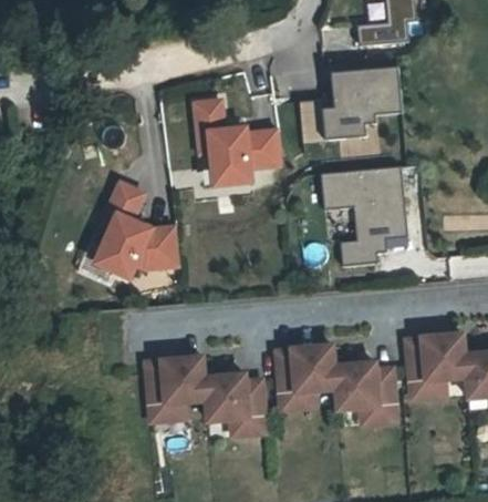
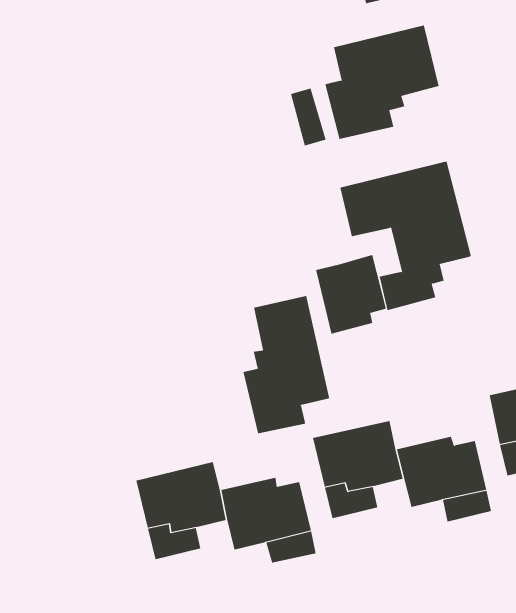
building: [195,100,282,184] -> none
building: [96,182,180,277] -> none
building: none -> [315,254,386,334]
building: none -> [243,295,330,434]

